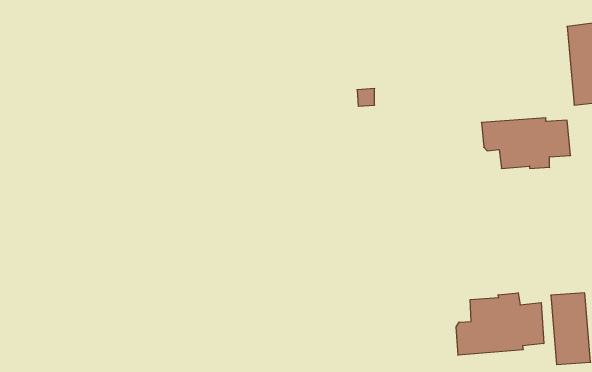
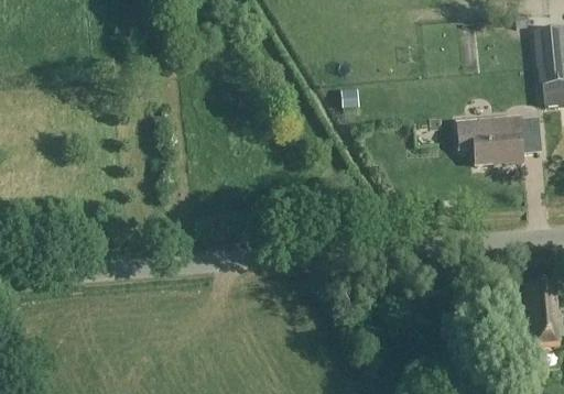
building: [456,293,544,355] -> none

